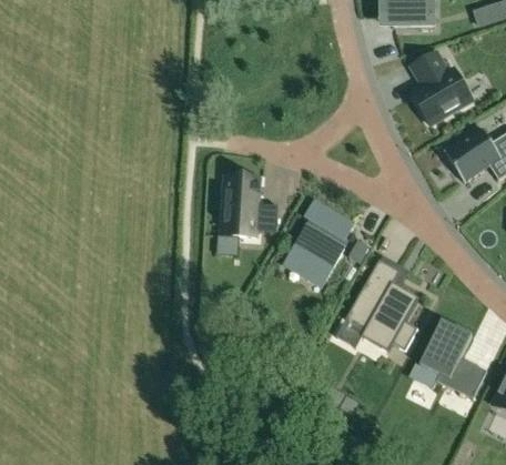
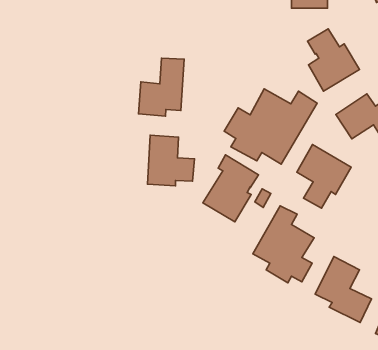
building: none -> [138,58,184,116]
building: none -> [224,89,317,164]
building: none -> [297,145,351,208]

